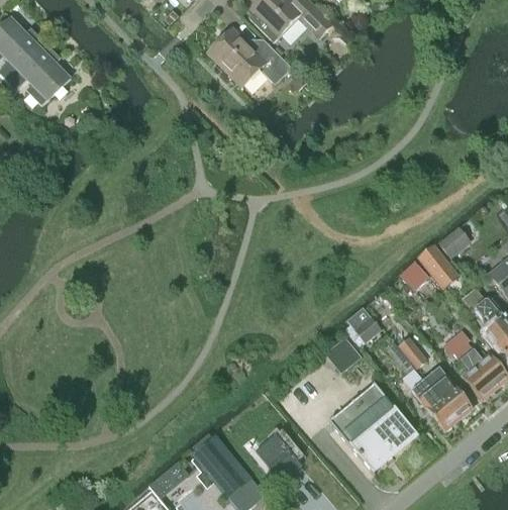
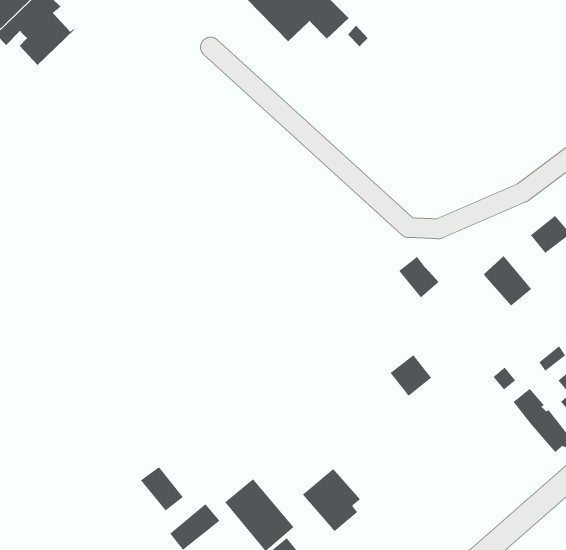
building: [417,242,461,288] -> none
building: [348,307,382,341] -> [398,256,440,298]
building: [410,376,459,429] -> none
building: [330,383,419,473] -> none
building: none -> [140,466,184,512]

